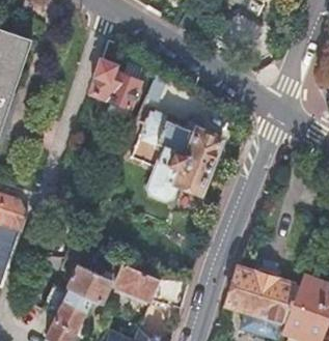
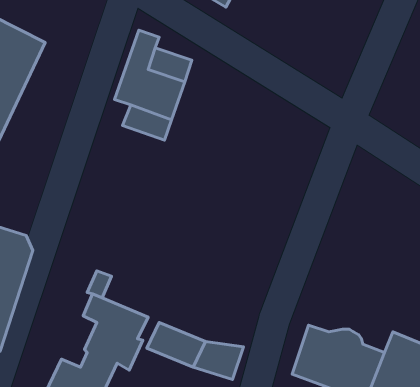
building: [145,108,221,202] -> none

